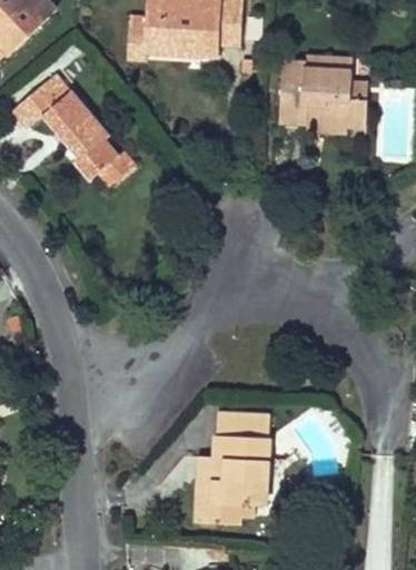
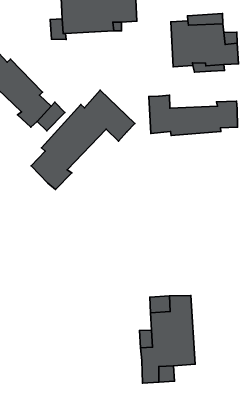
building: none -> [31,90,135,190]
building: none -> [149,95,238,135]

